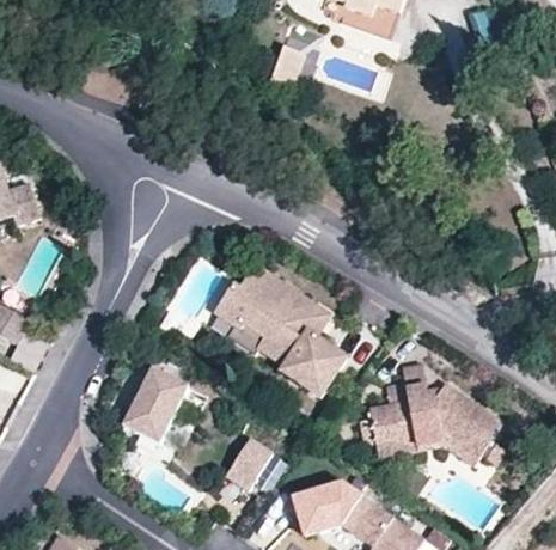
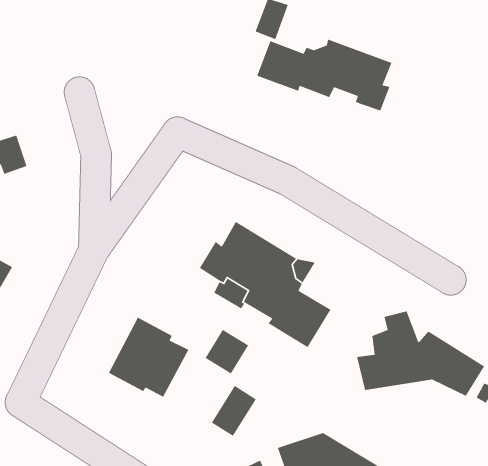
building: none -> [256,39,393,112]
building: none -> [204,329,249,375]
building: [380,432,483,460] -> none

